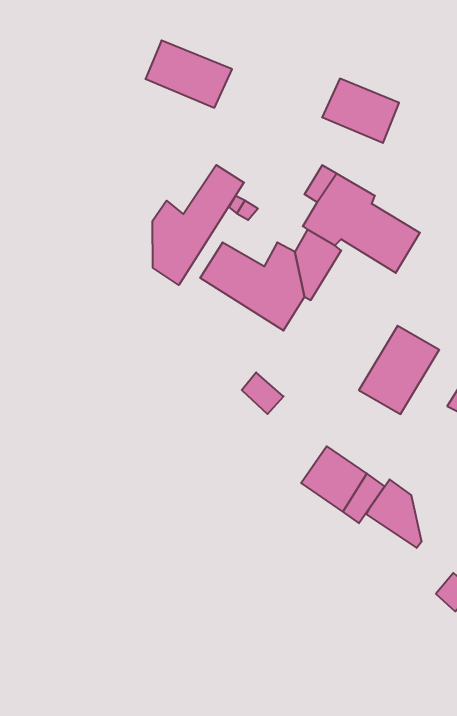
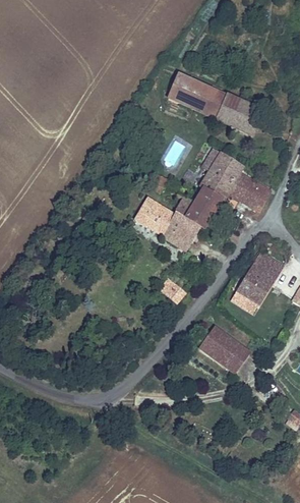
building: [145,40,232,108] -> [167,73,222,116]
building: [153,165,244,285] -> none
building: [366,479,421,548] -> none

